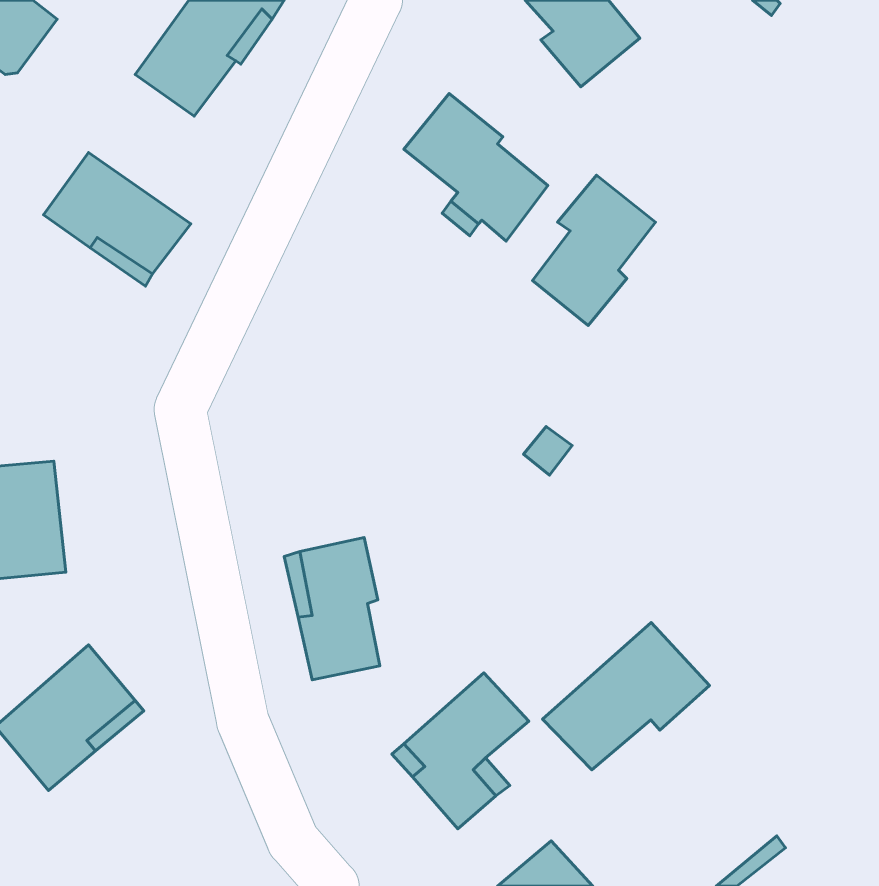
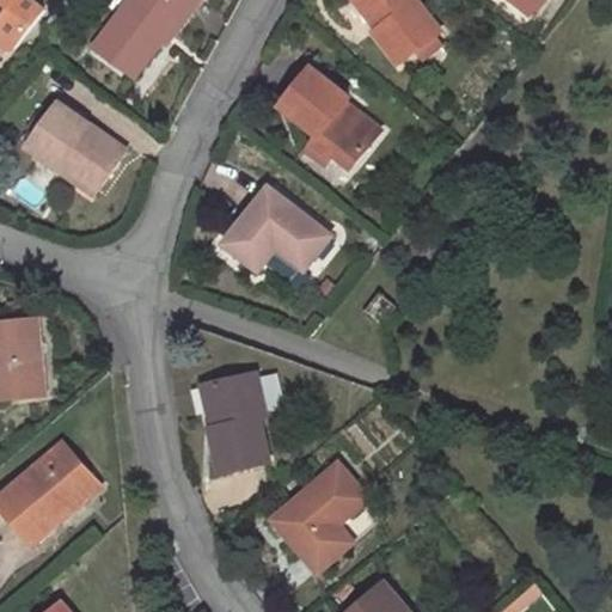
building: [532,175,655,326] -> none
building: none -> [225,185,331,269]
building: [543,623,709,770] -> none

